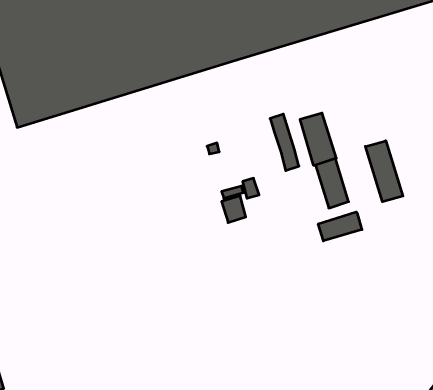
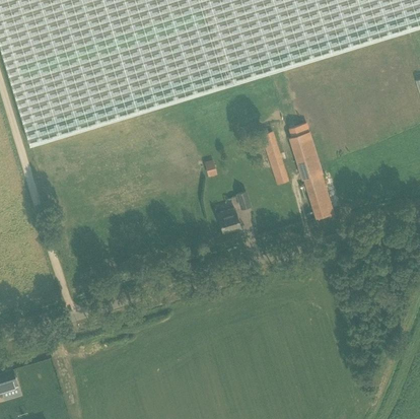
building: [365,141,403,202] -> none
building: [318,212,362,241] -> none

